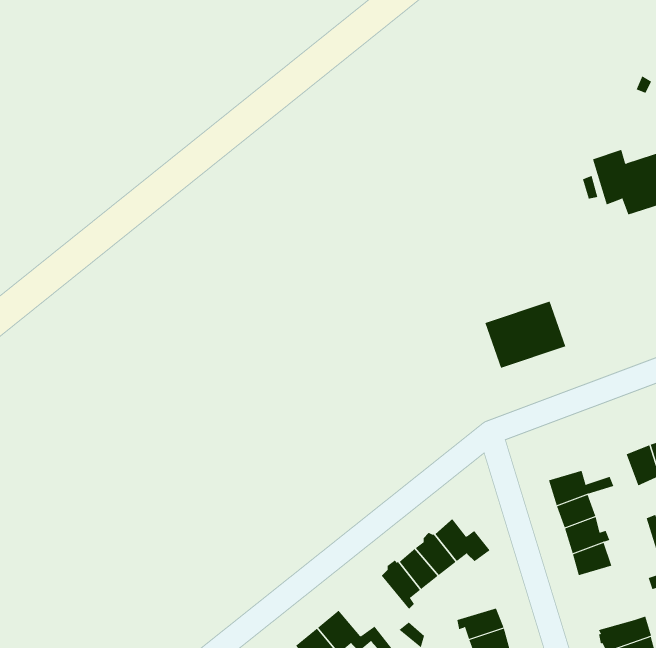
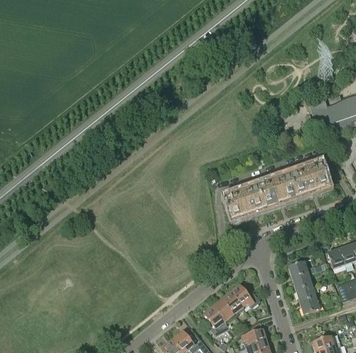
building: none -> [289,163,330,198]
building: none -> [224,186,264,220]

